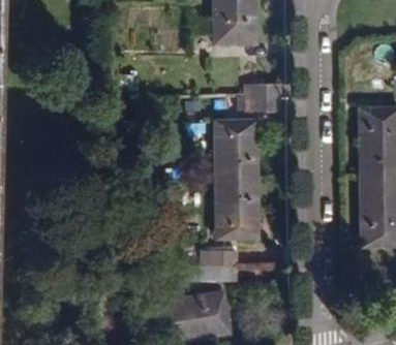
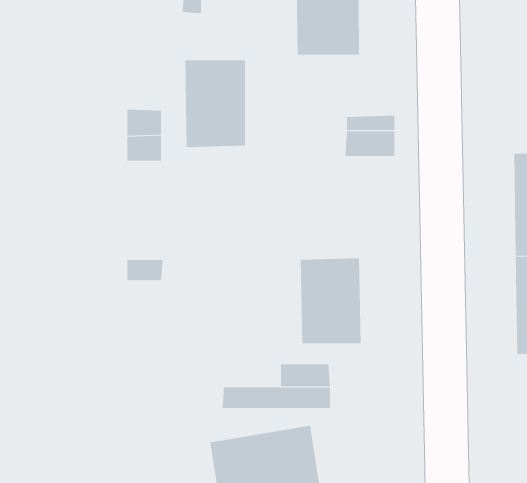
building: [215,121,256,180] -> [184,60,246,147]

